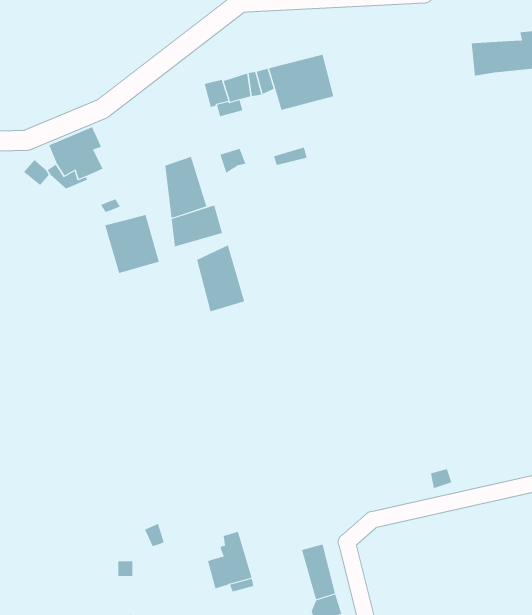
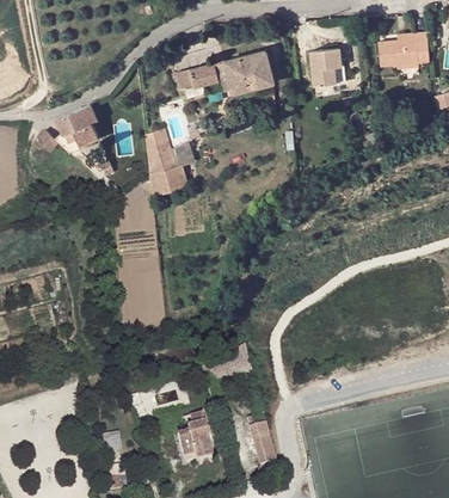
building: none -> [309,48,340,86]
building: [104,214,159,274] -> none
building: [197,244,245,312] -> none

